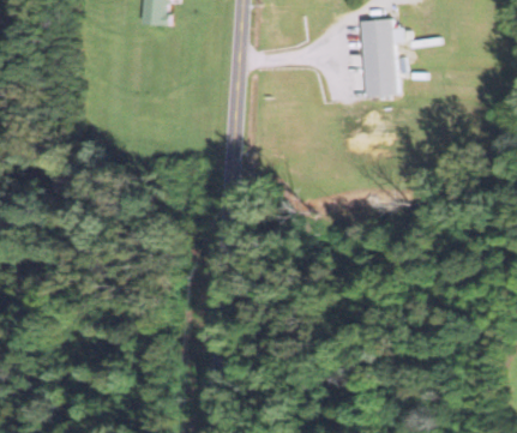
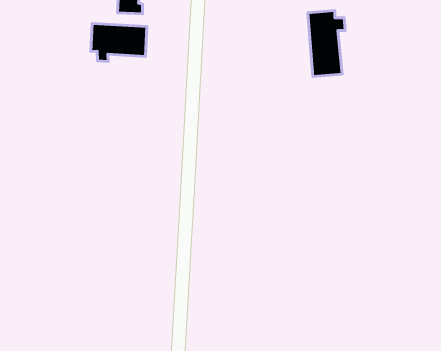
building: none -> [91,24,147,62]

